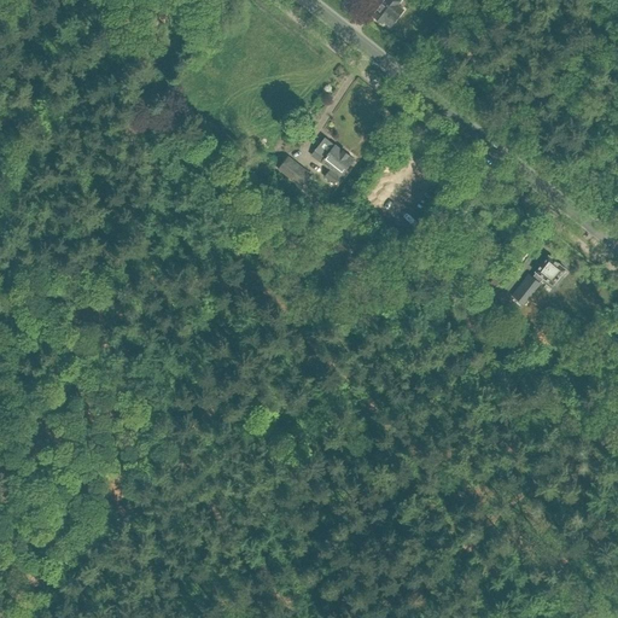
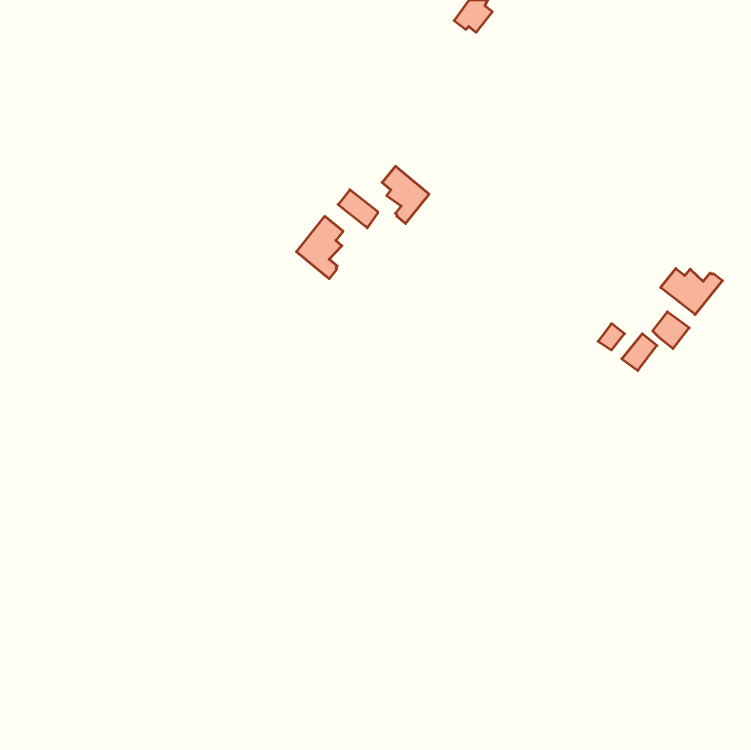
building: none -> [296,216,343,279]
building: none -> [661,268,723,315]

